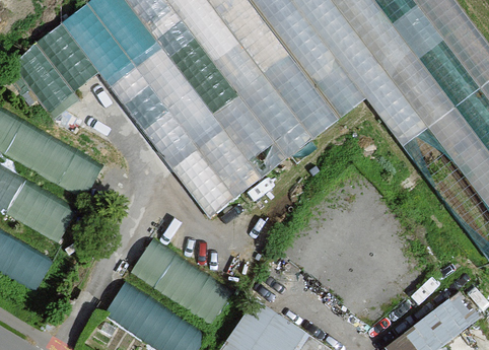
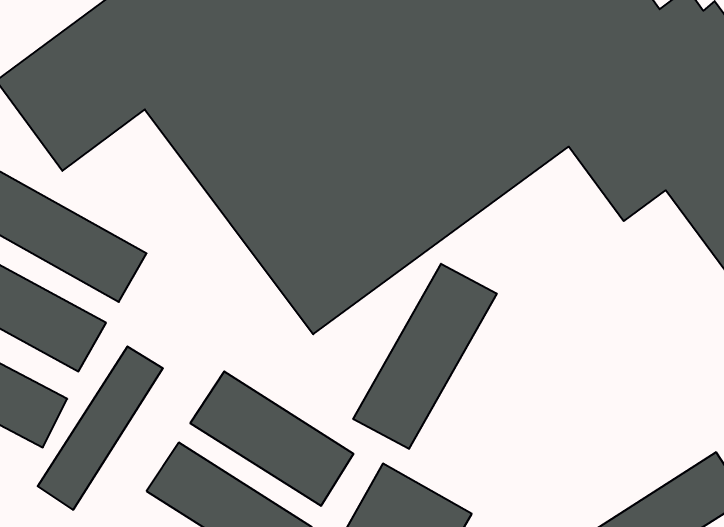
building: none -> [353,264,497,449]
building: none -> [38,346,163,510]

